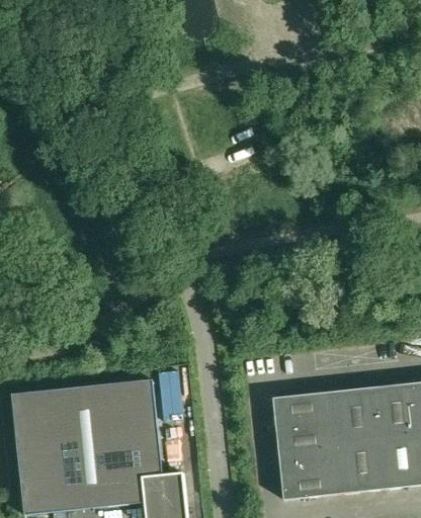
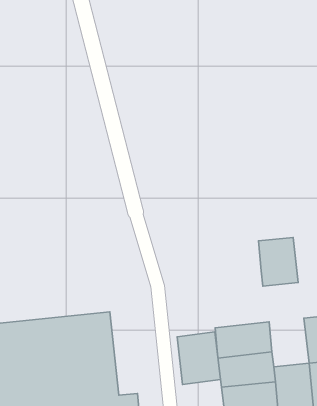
building: [334,386,380,442] -> [258,237,298,286]
building: none -> [177,332,220,384]

